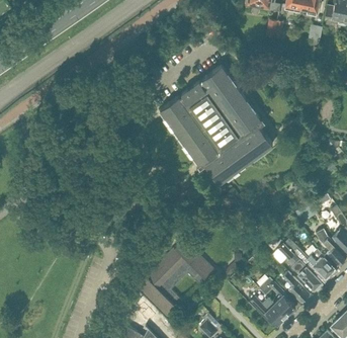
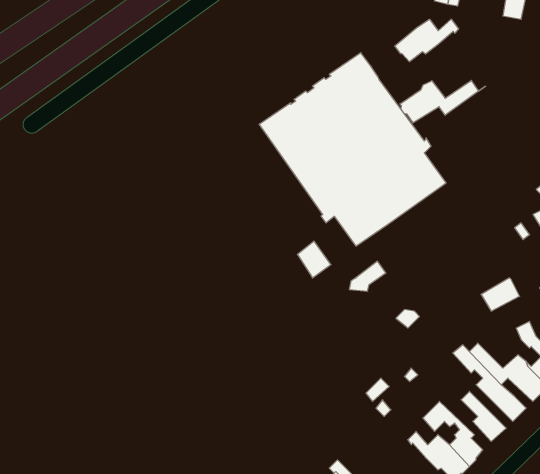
building: none -> [395,19,459,62]
building: none -> [400,80,486,123]
building: [137,239,214,317] -> none

